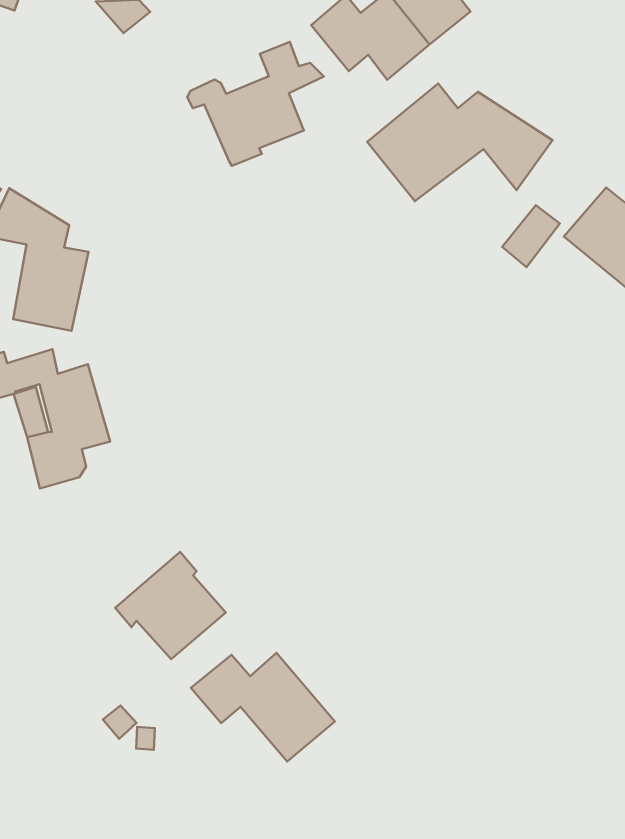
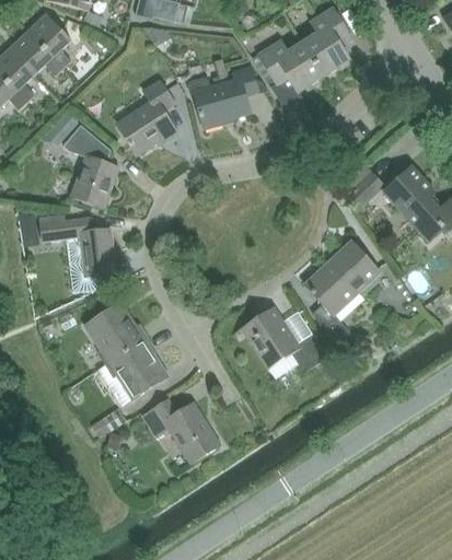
building: [367,83,552,201] -> none
building: none -> [117,80,175,153]
building: none -> [304,241,380,346]
building: none -> [242,306,327,372]
building: none -> [86,303,147,364]

